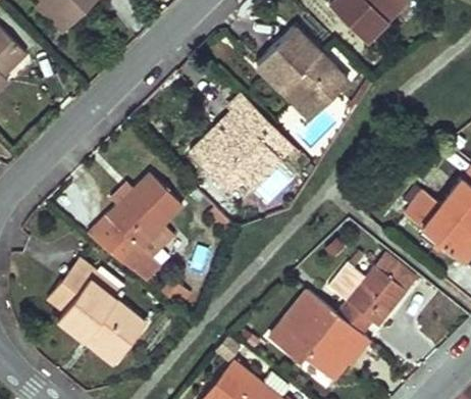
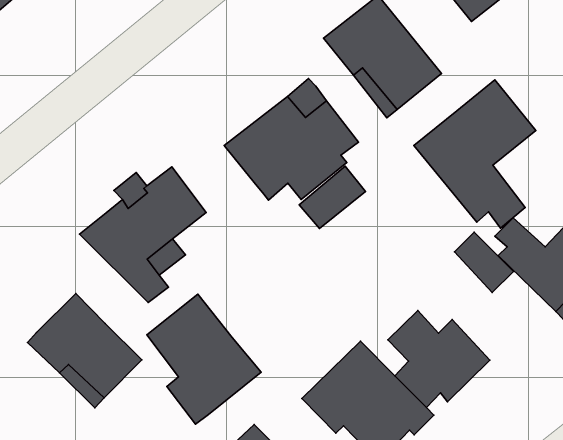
building: none -> [414,80,536,228]
building: [375,251,421,295] -> [455,232,513,292]
building: [47,258,120,310] -> none
building: none -> [147,294,261,424]

